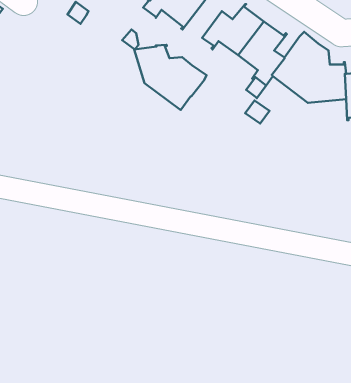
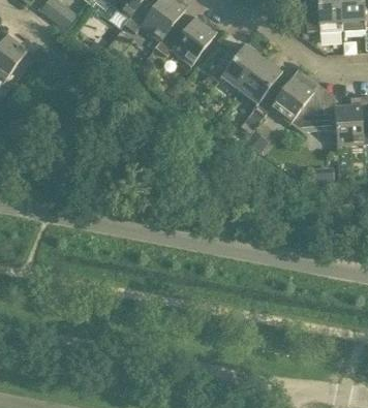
building: [134,45,207,110] -> none

